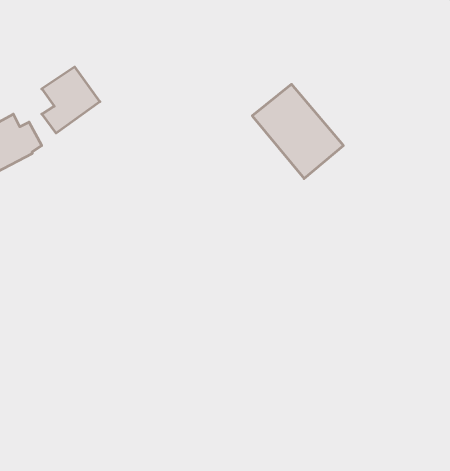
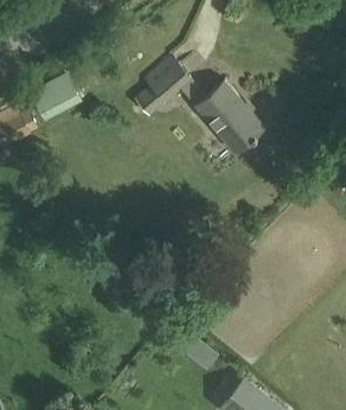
building: none -> [133,59,191,116]

